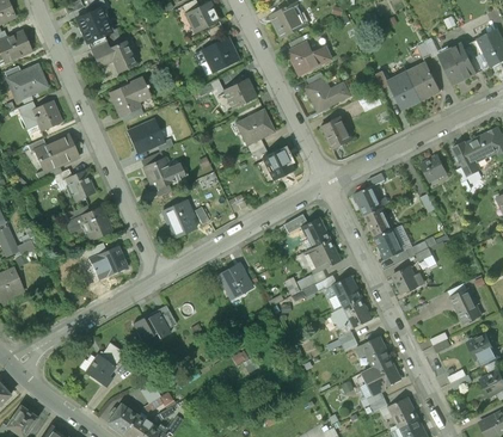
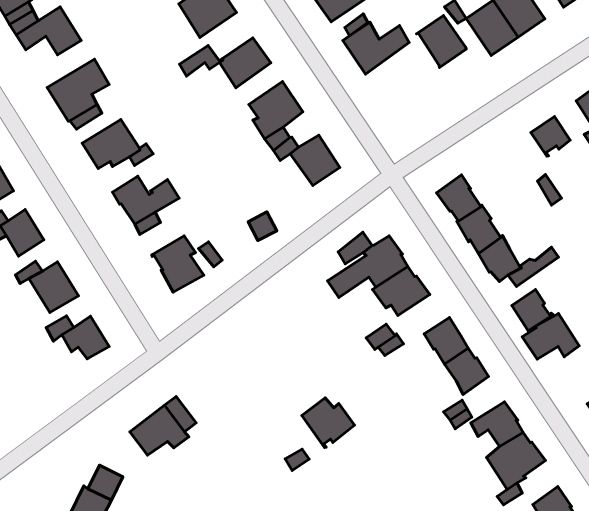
building: [320,116,351,149] -> [417,16,466,67]
building: [219,265,252,297] -> [302,398,354,447]
building: none -> [522,313,579,359]

